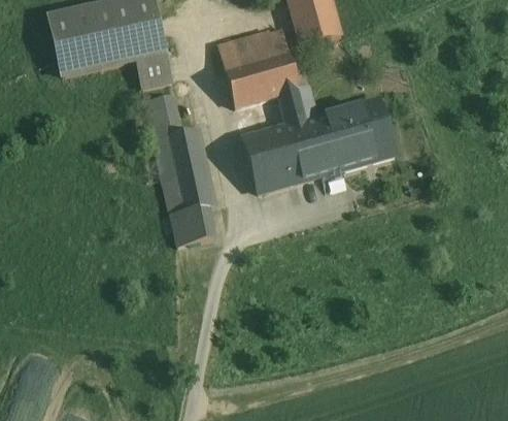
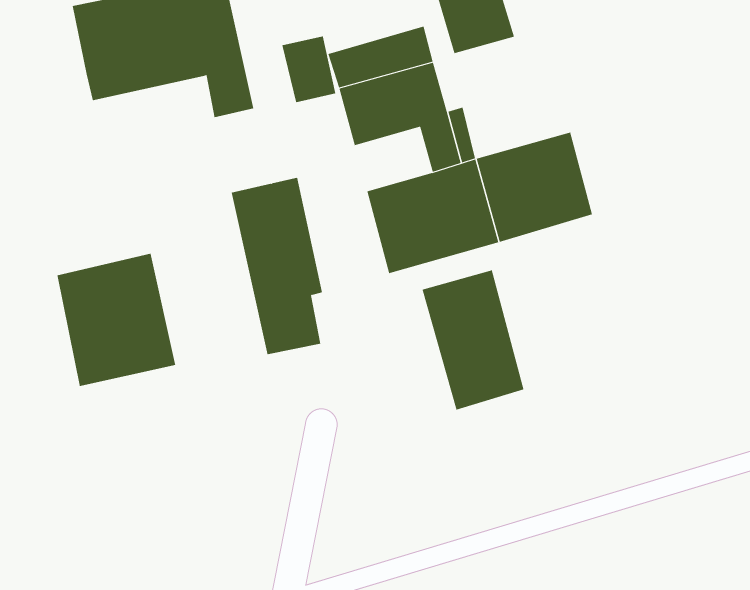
building: [145,93,181,137] -> [281,36,336,103]
building: none -> [57,253,176,387]
building: none -> [422,269,524,411]

